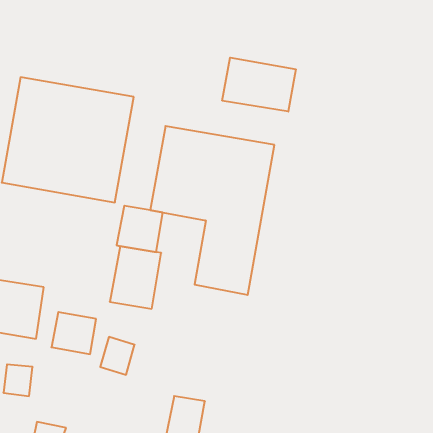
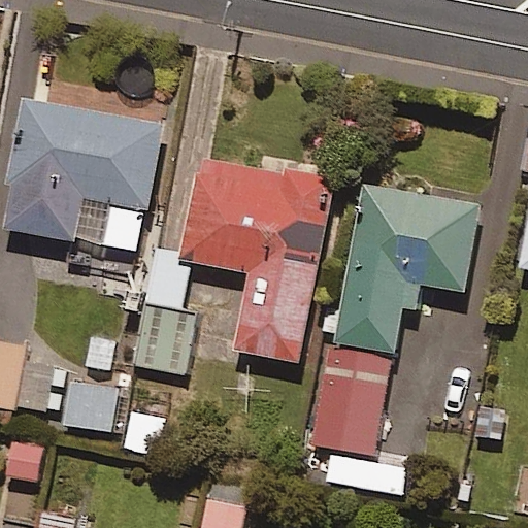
building: [222,58,296,112] -> none
building: none -> [335,186,478,350]
building: none -> [308,349,401,493]

